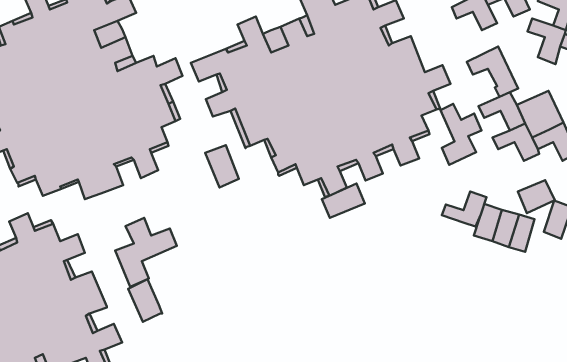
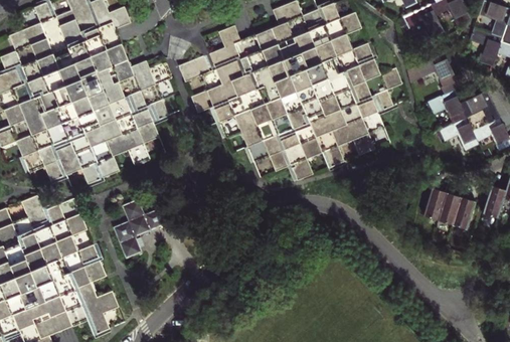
building: [440,104,482,165] -> none
building: [205,145,239,187] -> none
building: [518,180,555,213] -> none
building: [322,183,365,218] -> none
building: [442,192,486,227] -> none
building: [128,279,162,322] -> none

